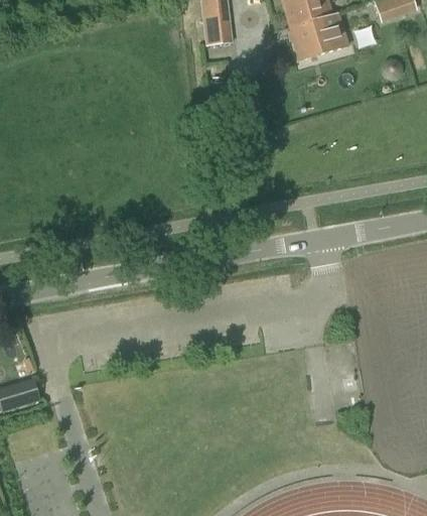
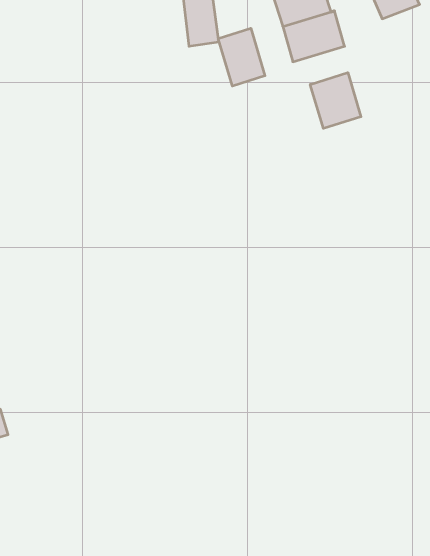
building: none -> [218,28,265,86]
building: none -> [310,73,361,128]

